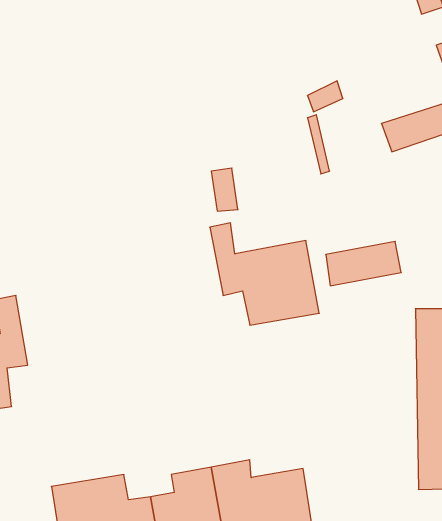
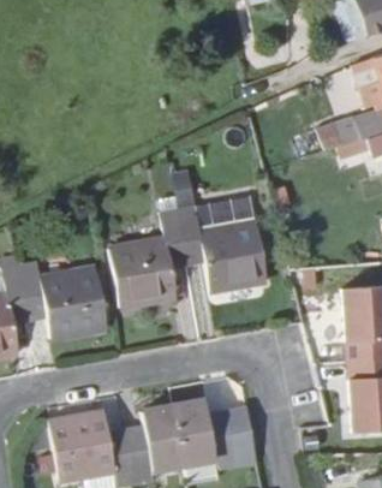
building: none -> [113,212,189,307]
building: [326,241,401,286] -> [195,197,256,233]
building: none -> [20,263,106,338]

